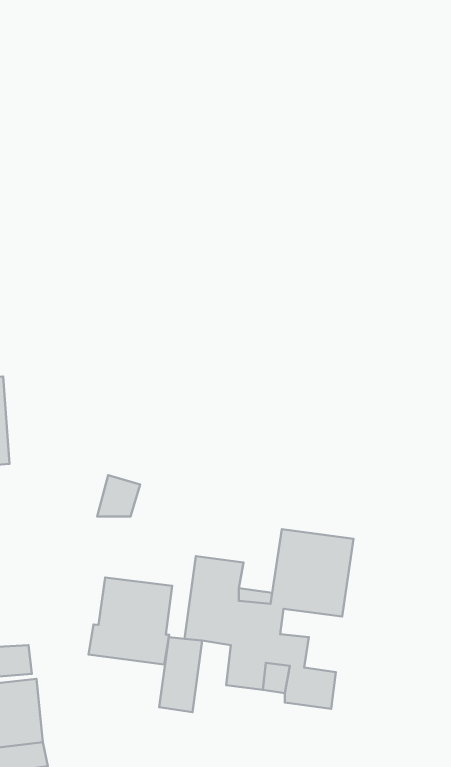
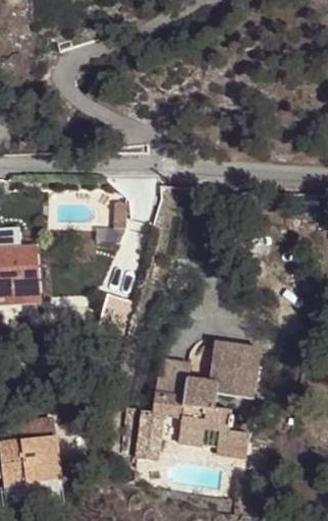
building: [89,577,172,664] -> none

